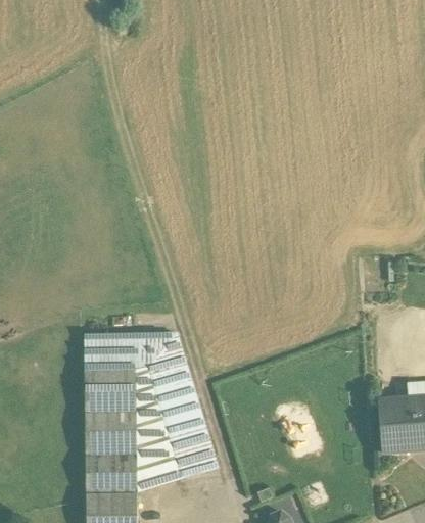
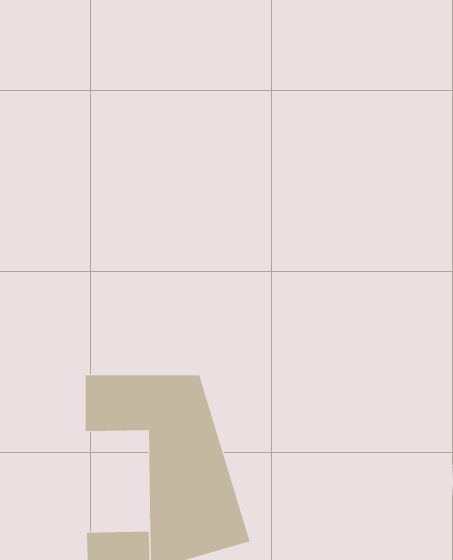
building: [84,374,136,457] -> none

